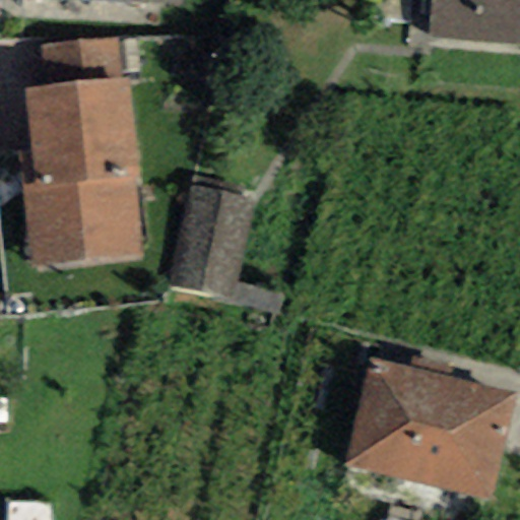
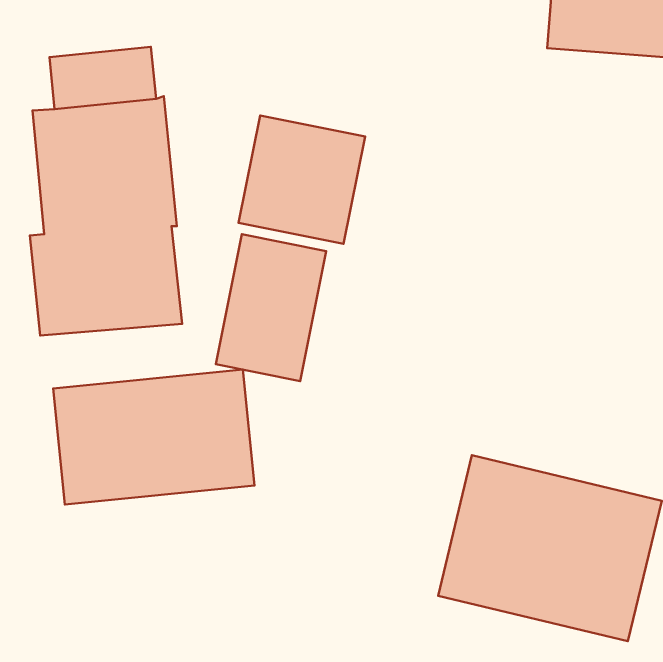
building: none -> [239,116,365,244]
building: none -> [53,370,255,505]

